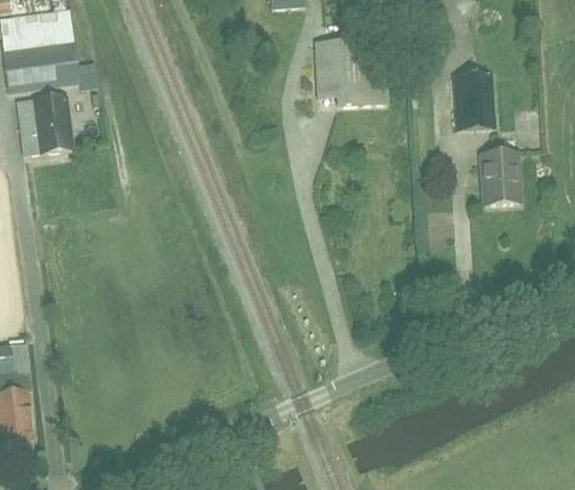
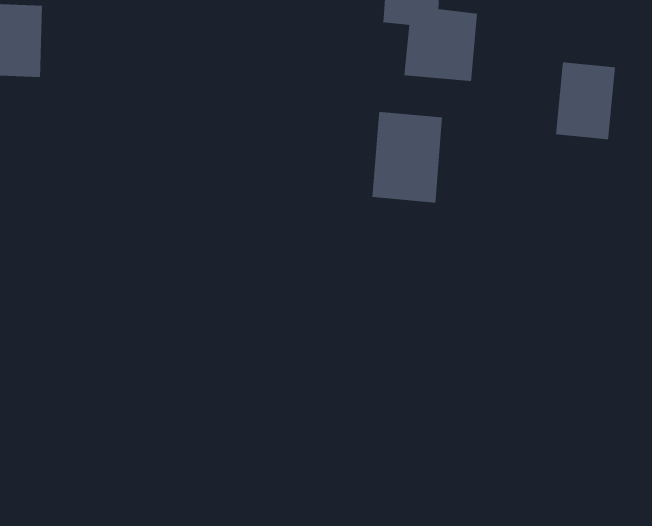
building: none -> [372,111,443,203]
building: [480,148,518,200] -> none

